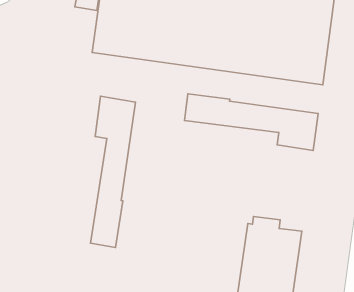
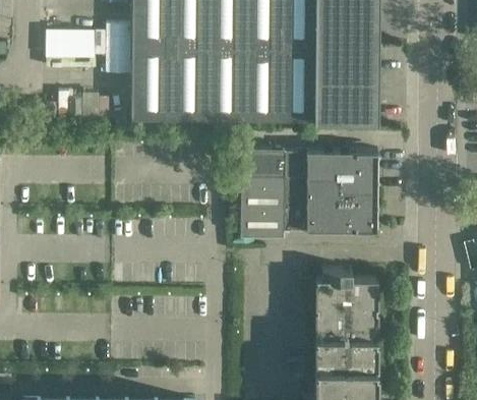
building: [90,96,136,247] -> none
building: none -> [238,176,377,236]

